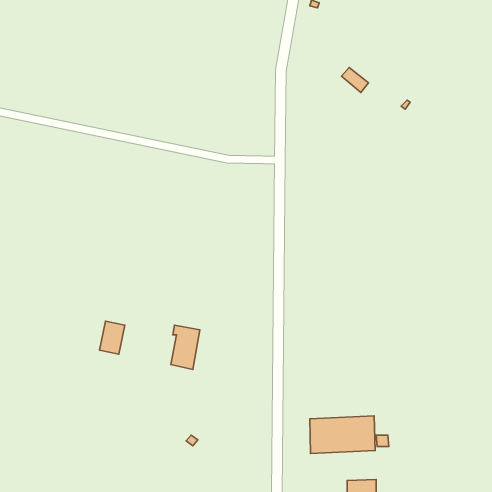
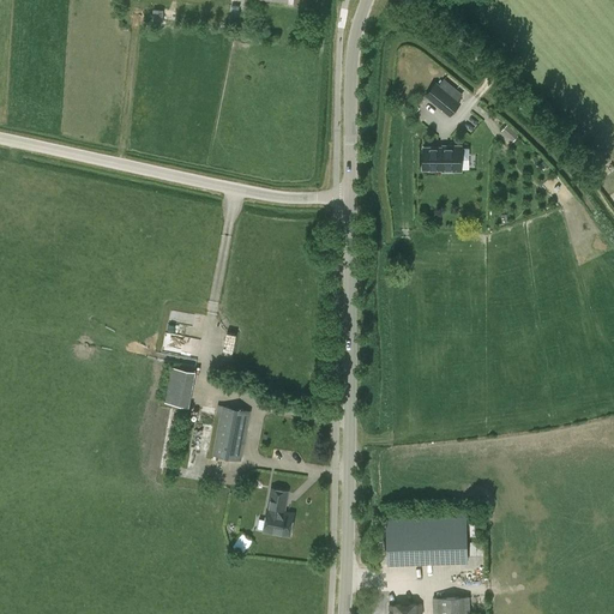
building: none -> [422,148,468,173]
building: [100,321,125,354] -> [164,367,195,408]
building: none -> [263,489,293,536]

